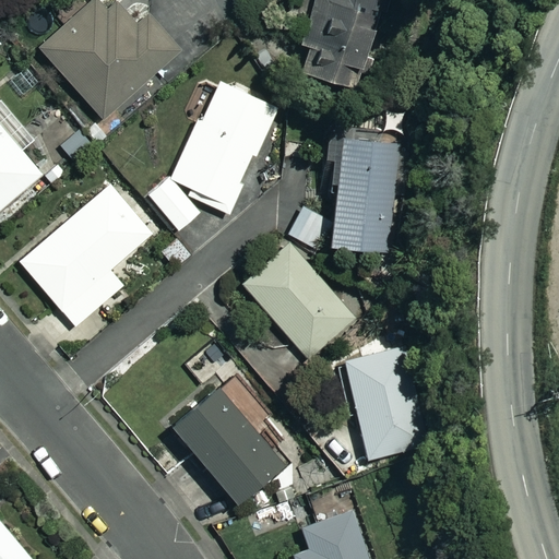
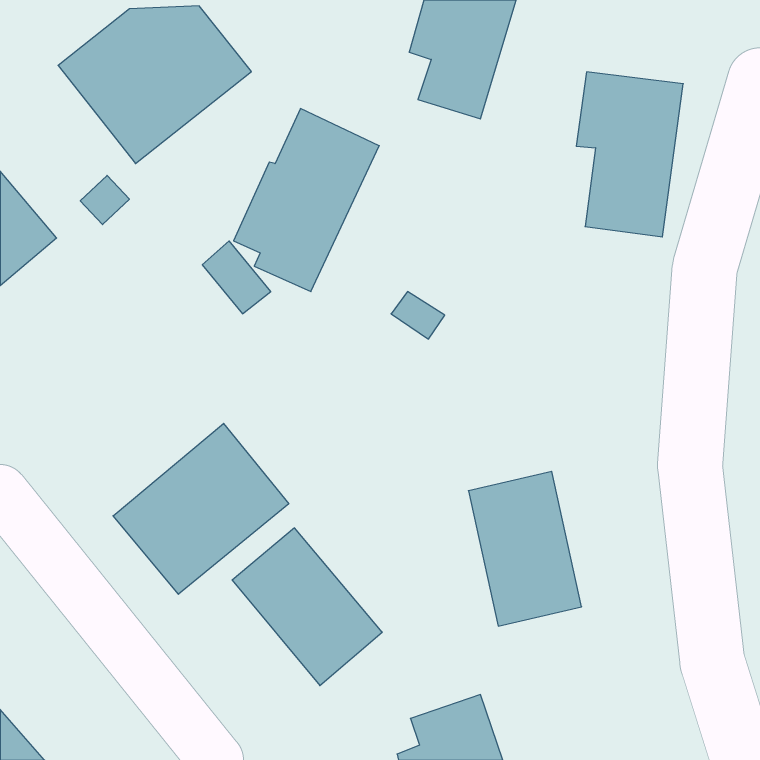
building: [321,131,400,252] -> [576,72,683,237]
building: [19,181,156,326] -> none
building: [241,242,354,358] -> none
building: none -> [113,423,289,594]

